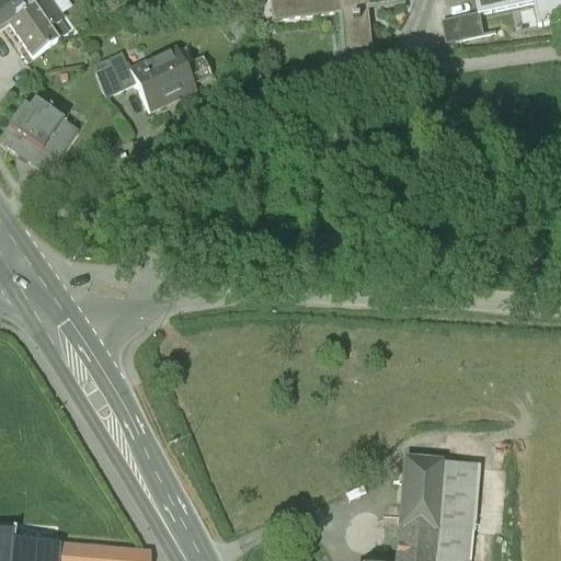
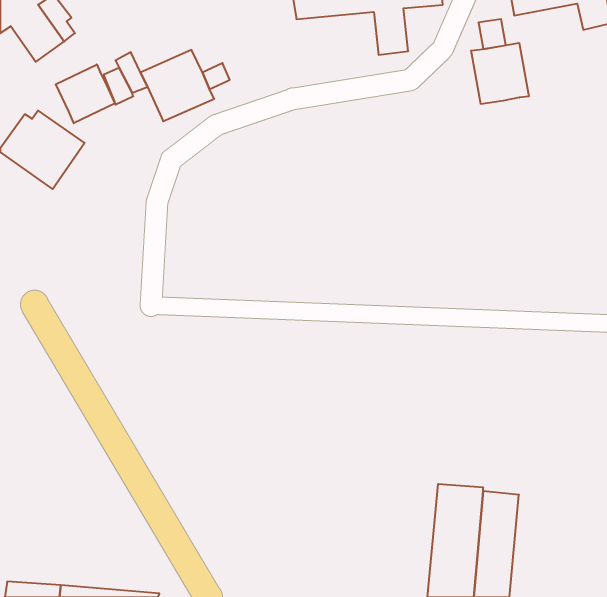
building: none -> [471,43,529,104]
building: none -> [56,64,115,123]

